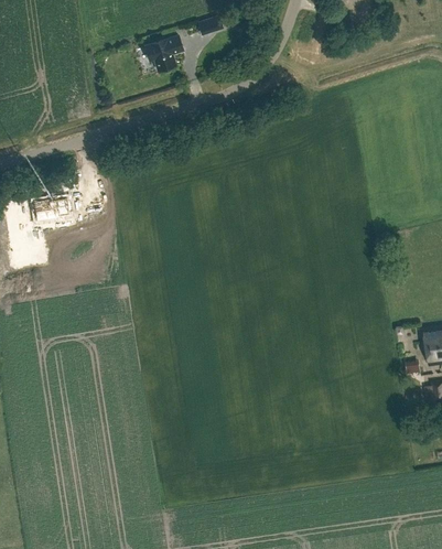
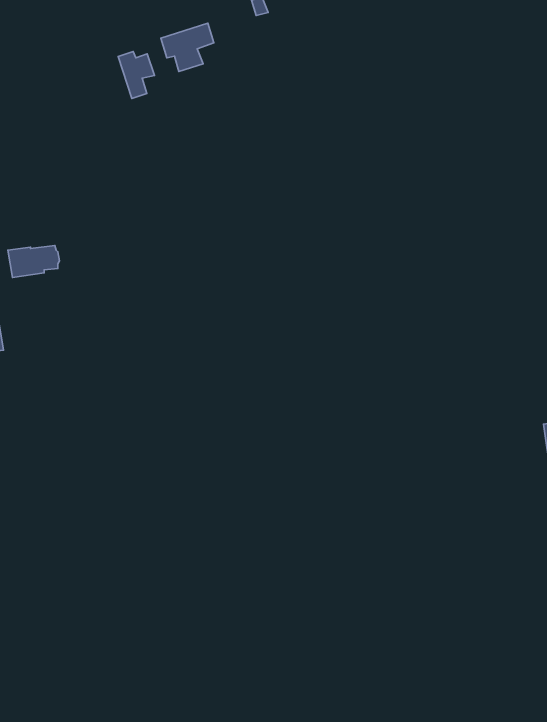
building: none -> [118,51,154,99]

